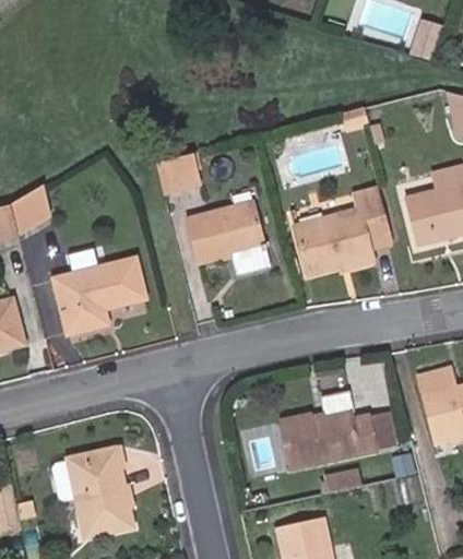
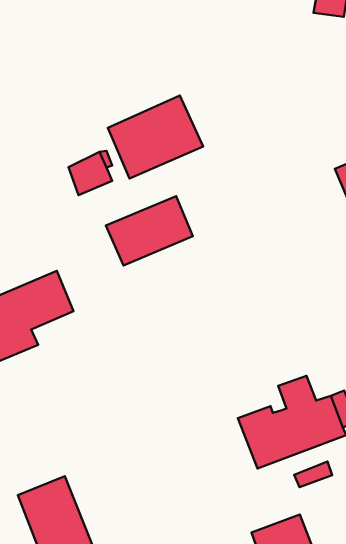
building: none -> [108,95,203,178]
building: [295,190,388,271] -> none

